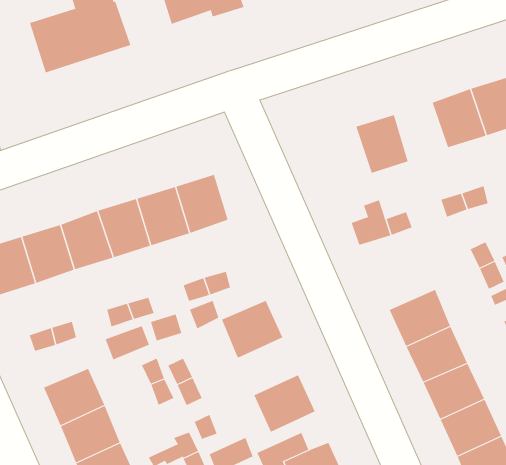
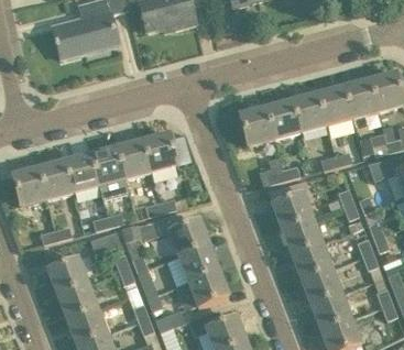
building: none -> [292,94,326,132]
building: none -> [239,107,274,145]
building: none -> [272,192,313,230]
building: none -> [165,244,218,285]

